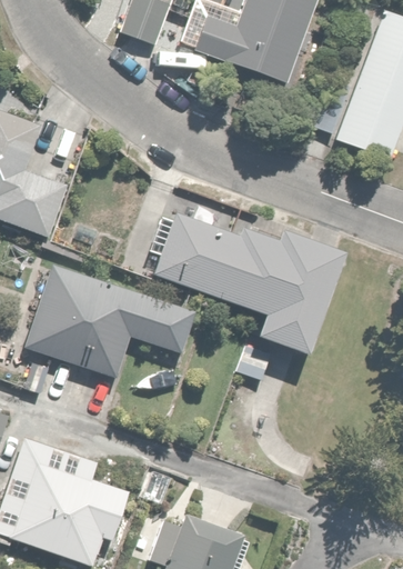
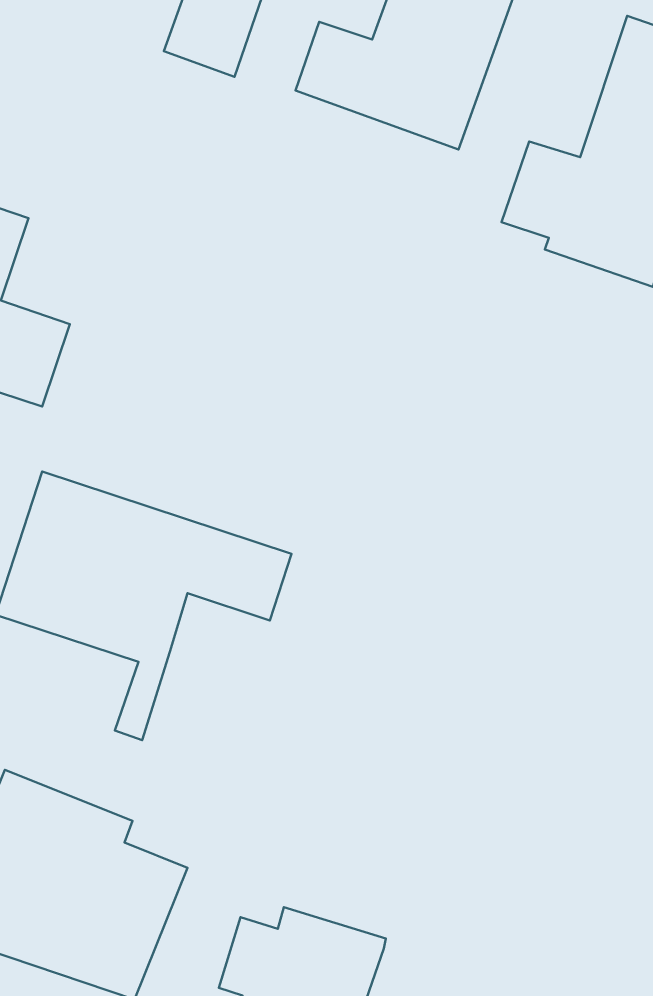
building: [148,213,343,356] -> none

